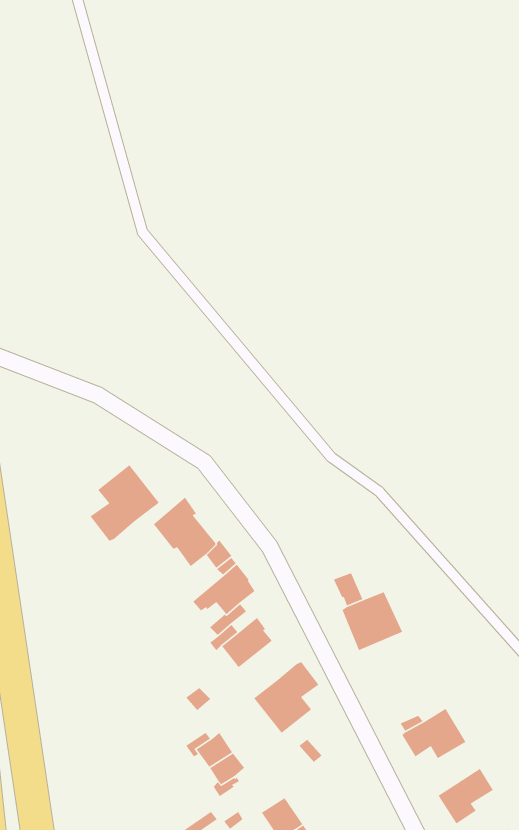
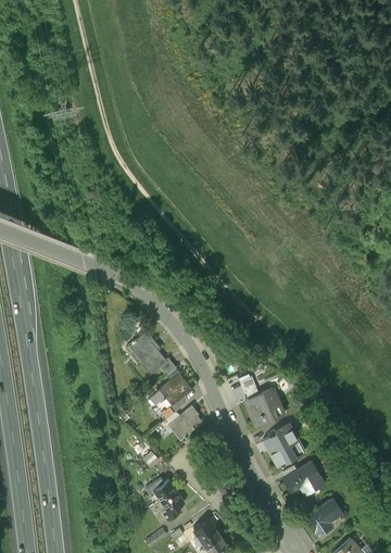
building: [90,464,160,542] -> none
building: none -> [260,426,304,468]
building: [253,661,320,734] -> none

